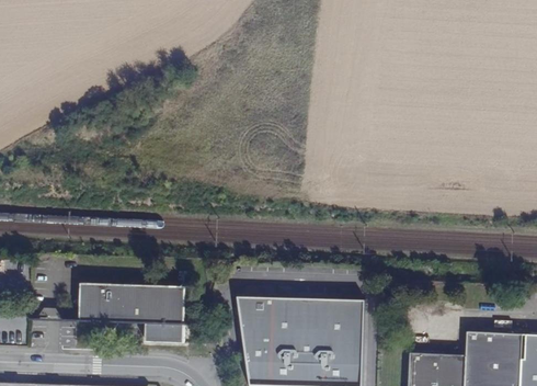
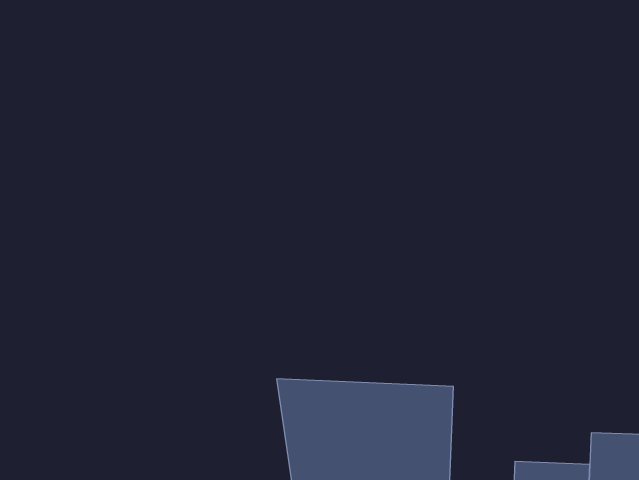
building: [80,281,186,342] -> none

